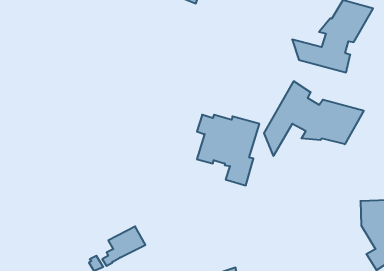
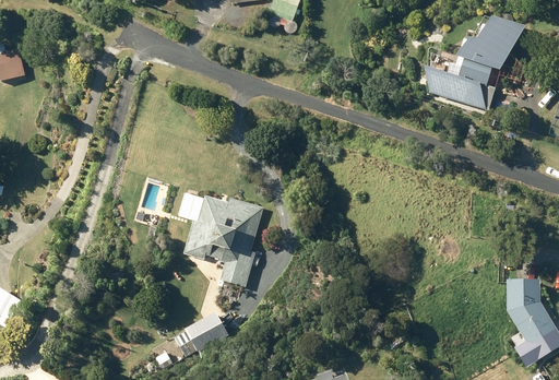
building: [264,81,364,156] -> none
building: [197,115,259,185] -> [182,194,263,286]

